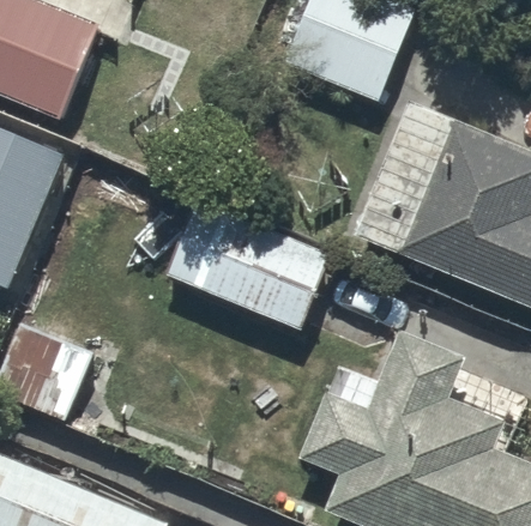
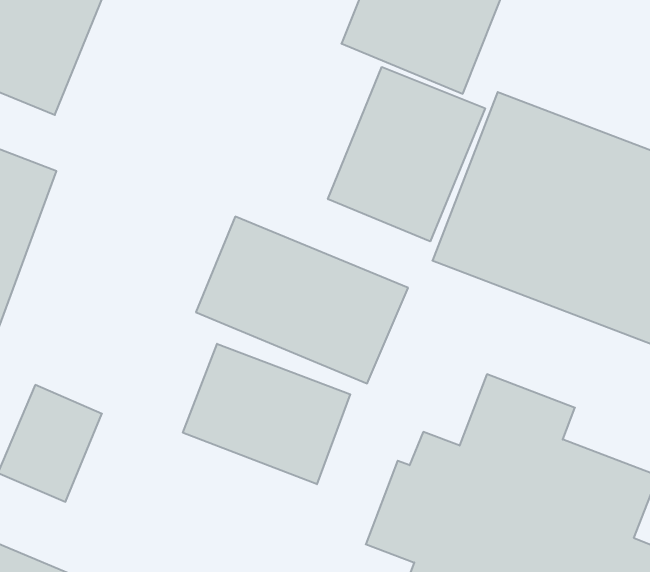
building: none -> [328,67,485,241]
building: none -> [183,344,350,484]

